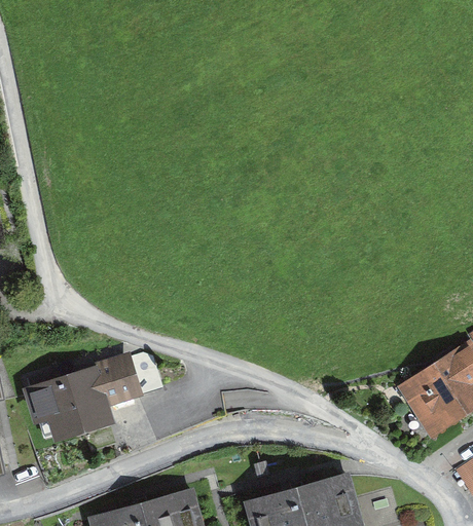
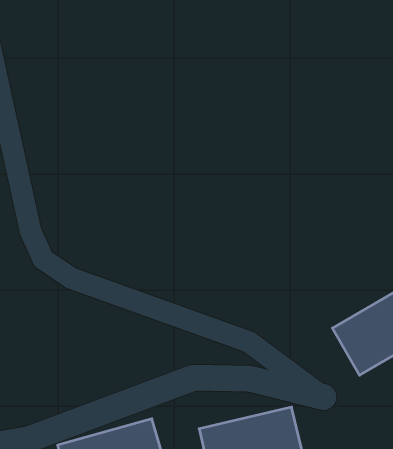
building: [26,358,137,445] -> none

